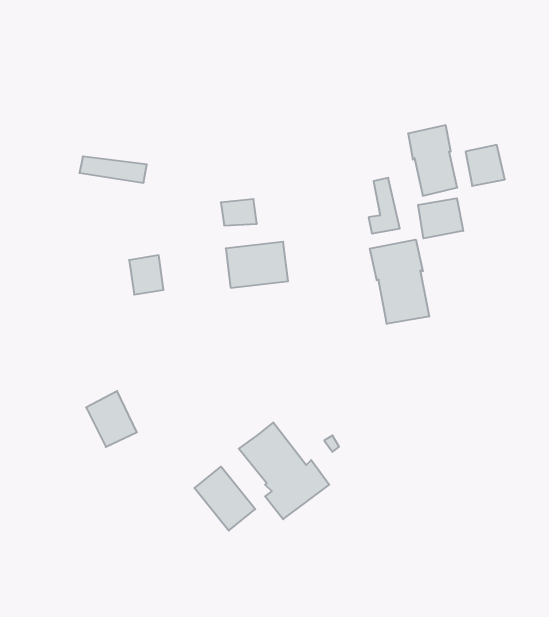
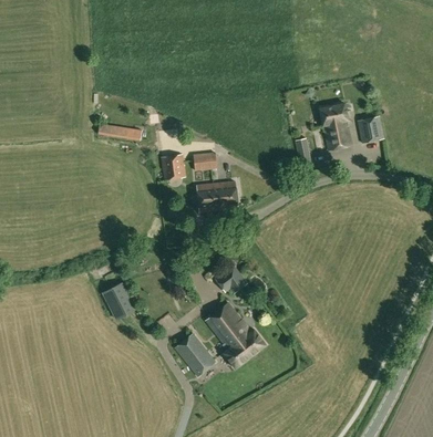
building: [418,198,463,238] -> none
building: [370,240,429,324] -> none
building: [129,255,164,295] -> [162,153,185,179]
building: none -> [216,264,247,291]

